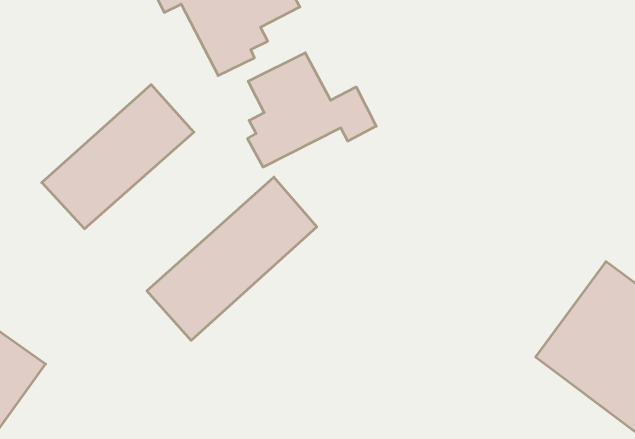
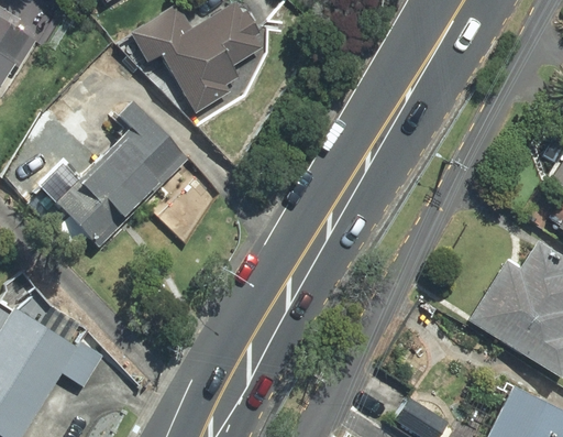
building: [248,53,376,167] -> none
building: [147,177,317,340] -> none

